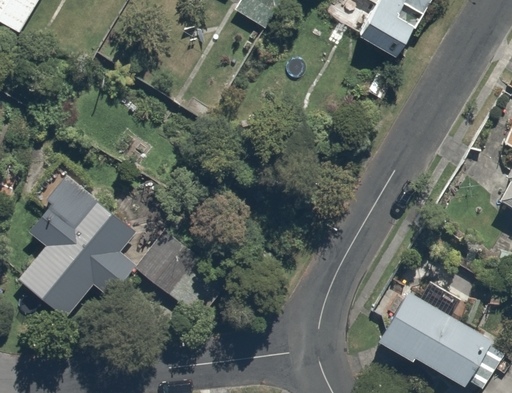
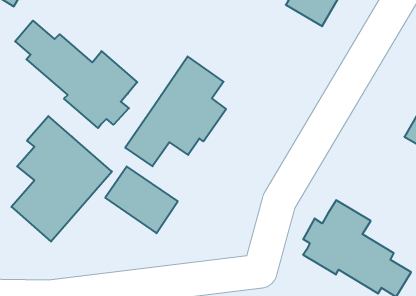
building: none -> [15,21,137,128]
building: none -> [125,56,226,166]

